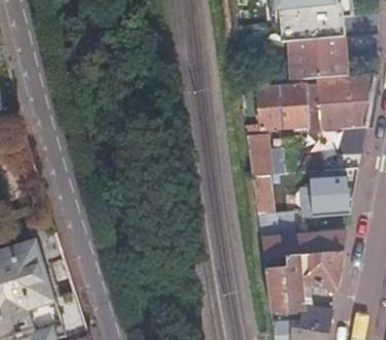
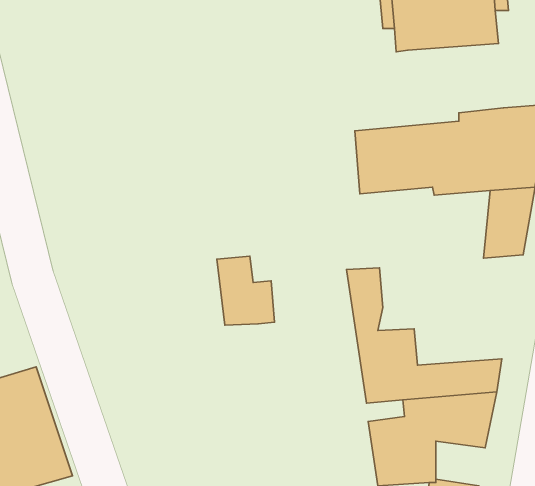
building: [287,35,347,80] -> none
building: [244,132,280,175] -> [217,256,275,325]
building: [302,173,350,215] -> none

